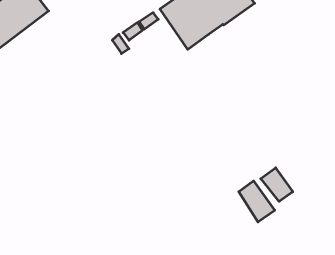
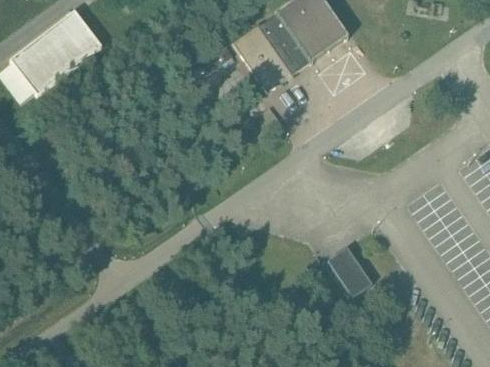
building: [261,168,293,201] -> none

